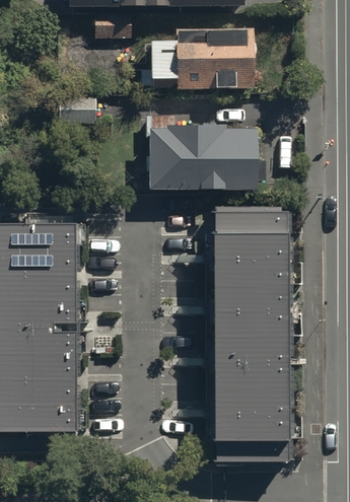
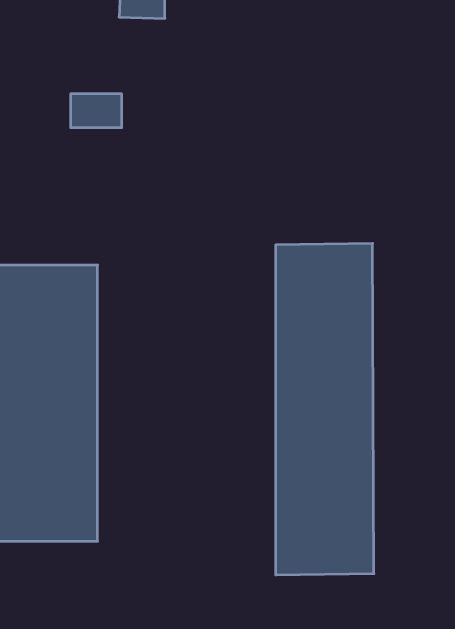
building: [149,30,254,90] -> none
building: [149,112,256,189] -> none

